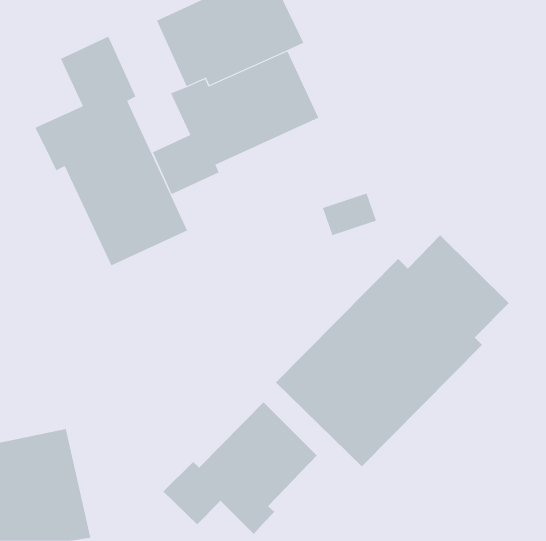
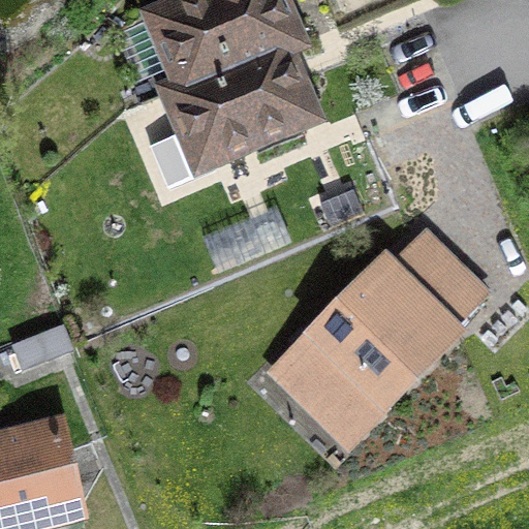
building: [35,36,188,266] -> none
building: [163,402,318,535] -> none

